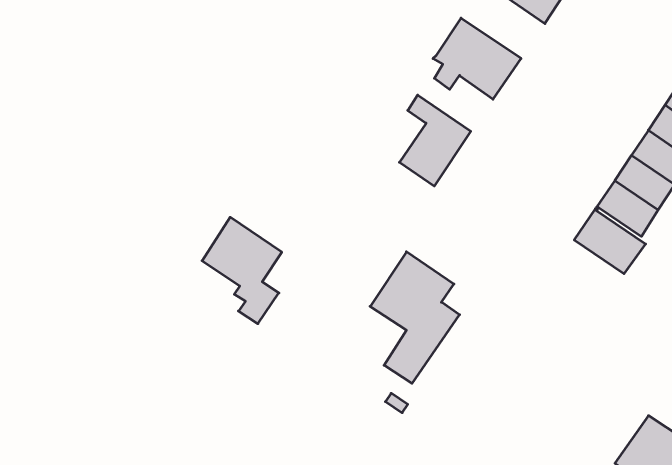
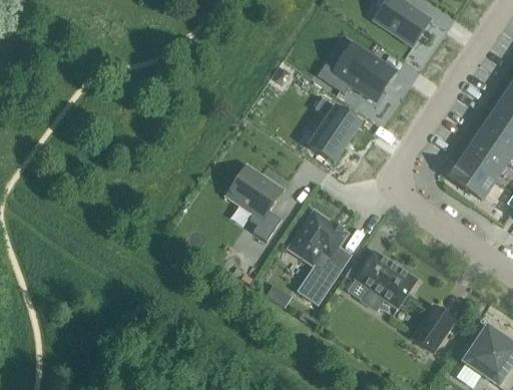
building: [574,209,646,274] -> none
building: [202,217,282,324] -> [225,164,283,241]
building: none -> [354,251,416,310]
building: none -> [411,305,454,352]

